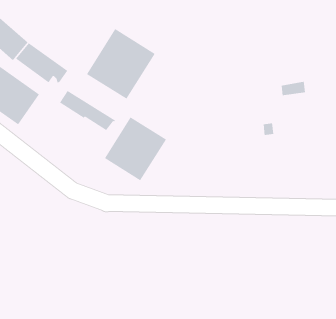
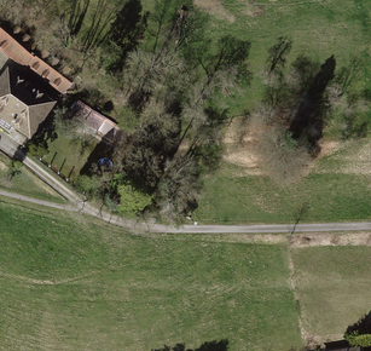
building: [86,28,156,100] -> none
building: [104,116,167,181] -> none

